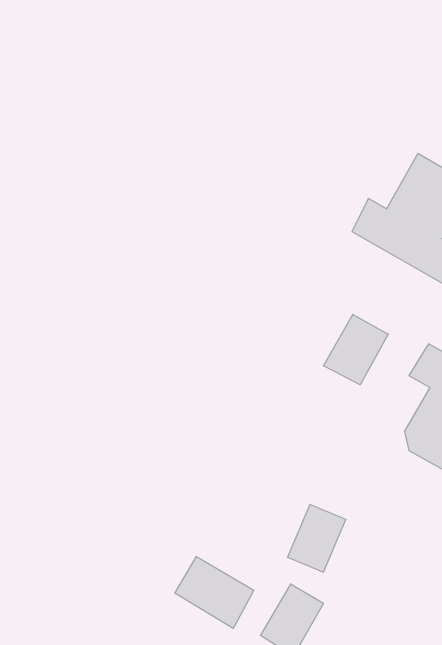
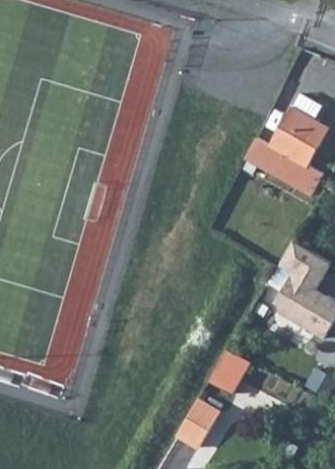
building: [323,314,388,385] -> none
building: [175,557,254,628] -> none

